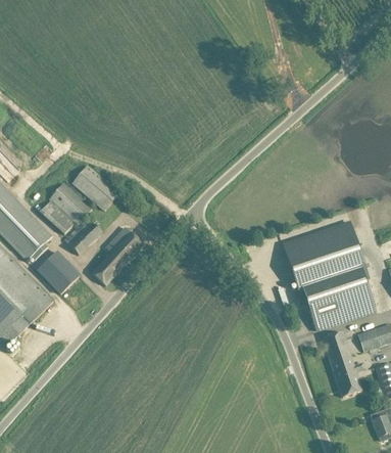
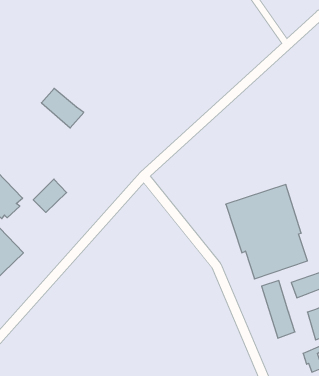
building: [71,165,119,210] -> [41,88,84,128]
building: [40,182,92,234] -> none
building: [92,227,144,285] -> none
building: [37,250,80,293] -> none

